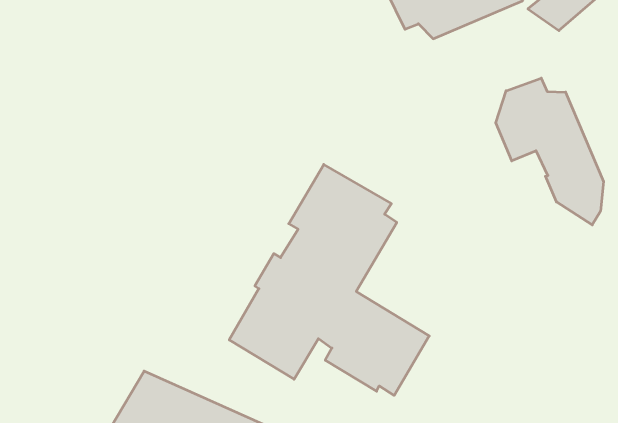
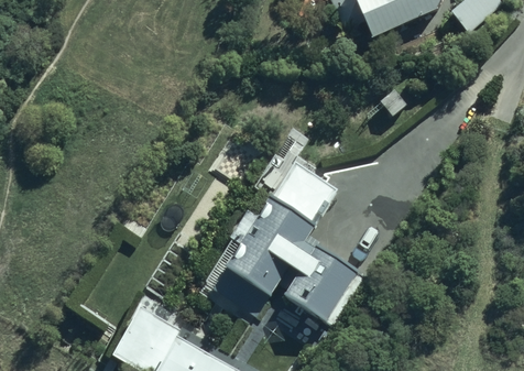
building: [496,78,603,225] -> none

